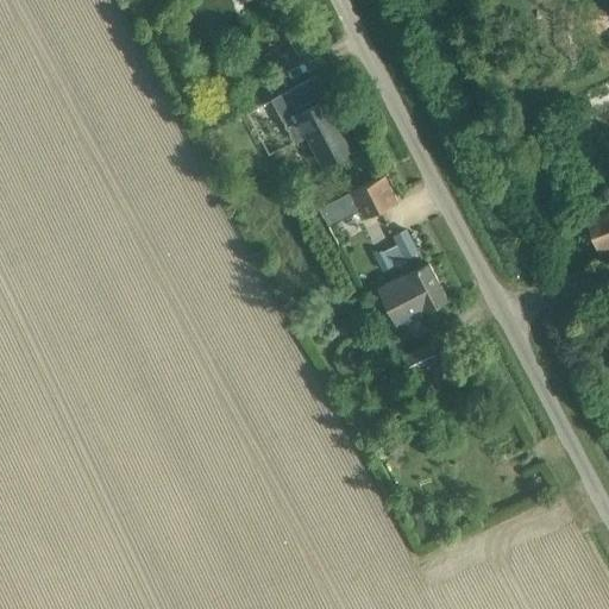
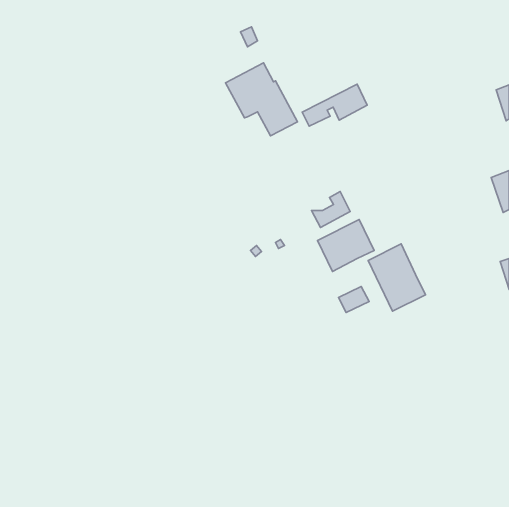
building: [319,177,396,227] -> [302,84,367,126]
building: none -> [368,244,426,311]

